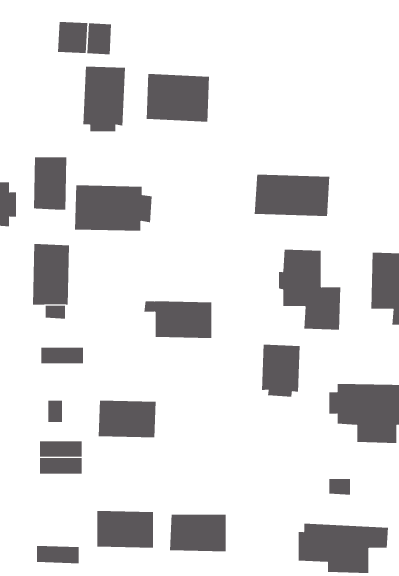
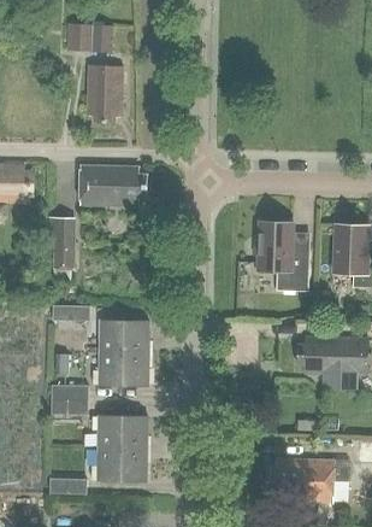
building: [146,73,210,123] -> none
building: [33,157,67,211] -> none
building: [254,174,330,217] -> none
building: [144,301,212,339] -> [90,321,149,353]
building: [262,344,300,398] -> none
building: [169,514,227,552] -> [98,416,147,449]

